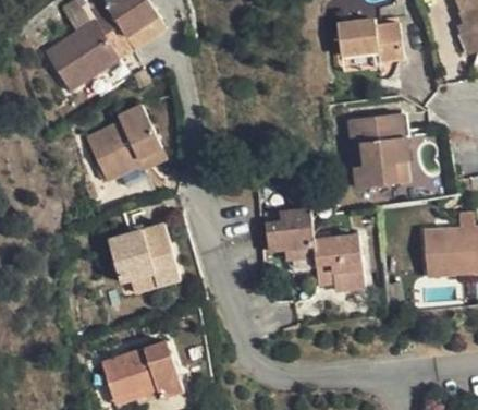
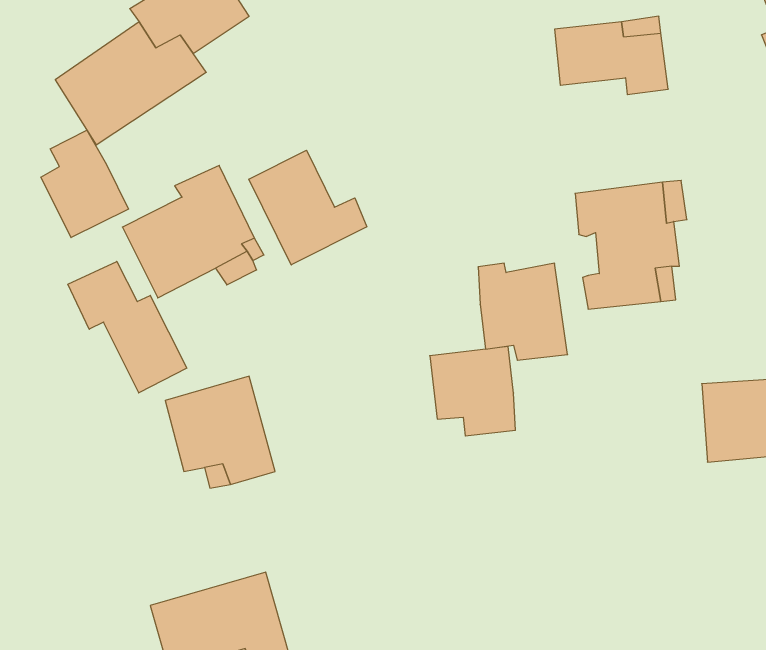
building: none -> [41,130,129,238]
building: none -> [249,150,367,265]
building: none -> [68,261,187,393]
building: [314,233,366,290] -> [478,263,568,360]

